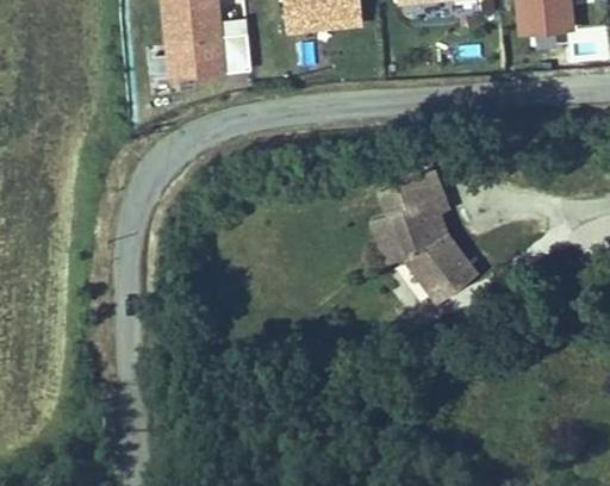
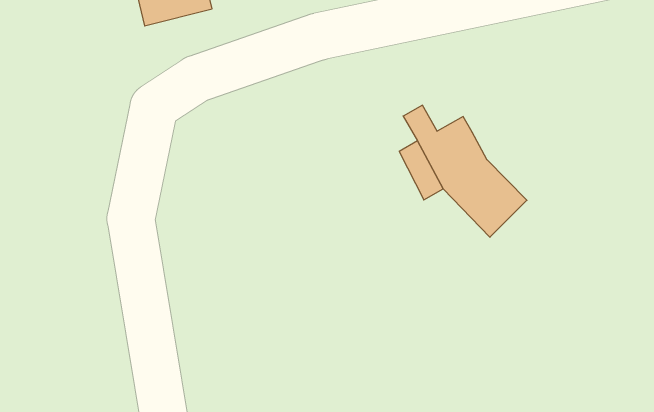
building: [399,169,450,211] -> none

